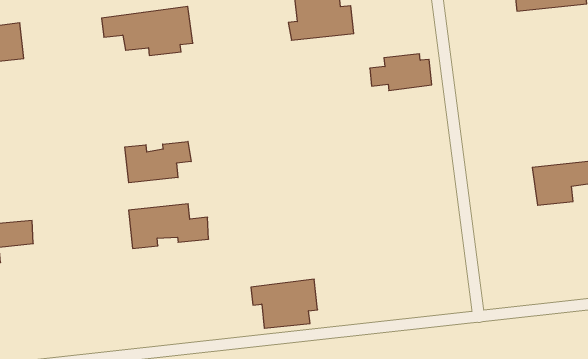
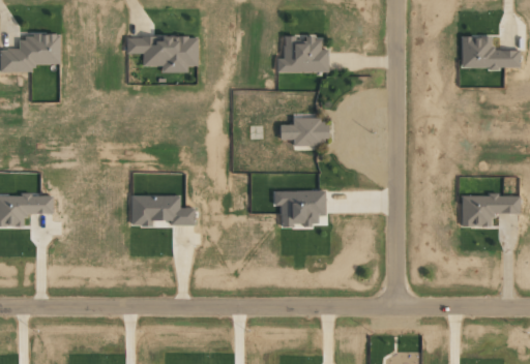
building: [370,54,432,91] -> [279,117,328,144]
building: [125,141,191,183] -> none
building: [251,279,318,328] -> [273,189,325,224]

